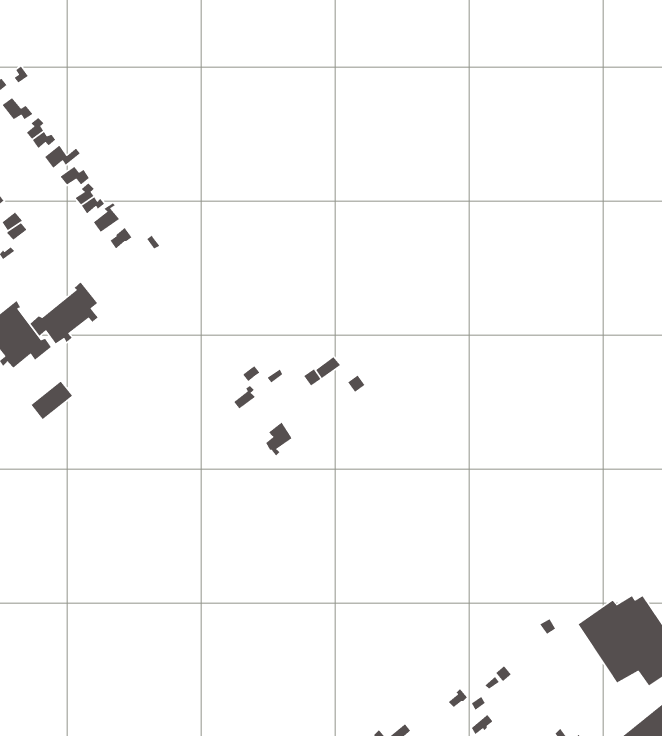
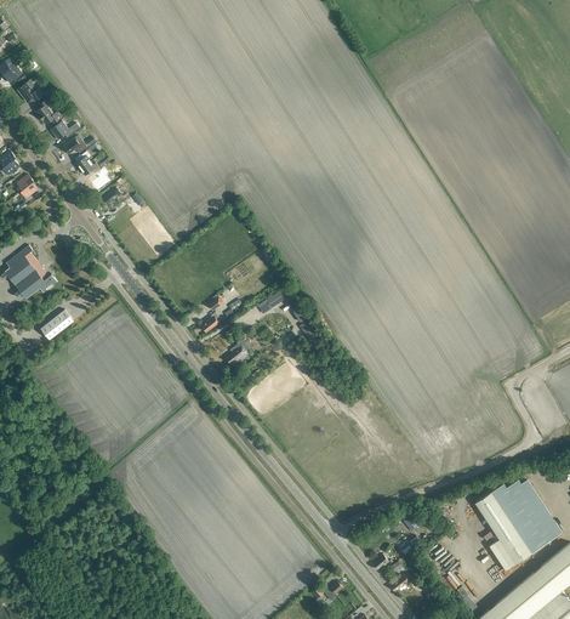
building: [29,281,99,344] -> none
building: none -> [489,539,532,570]

